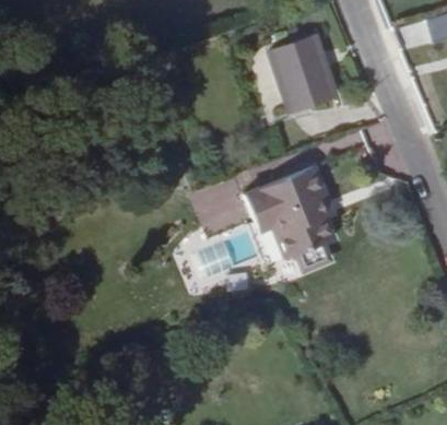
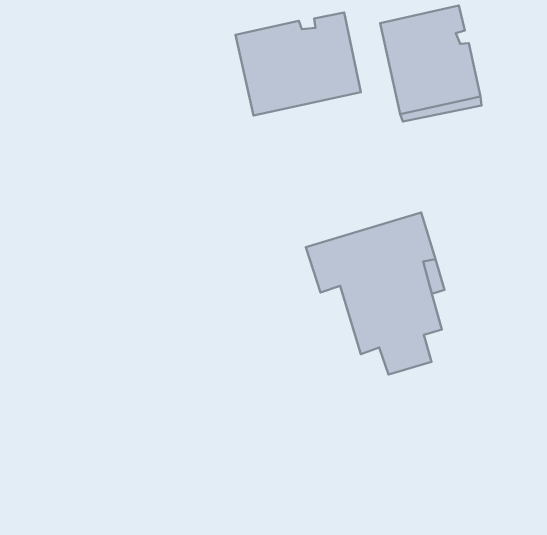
building: none -> [236,13,361,116]

